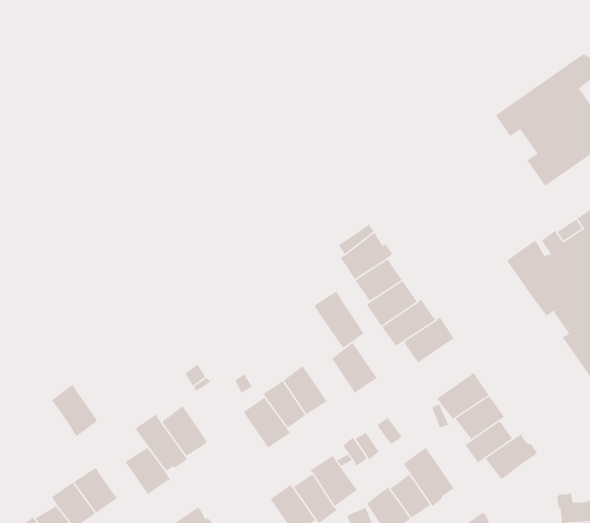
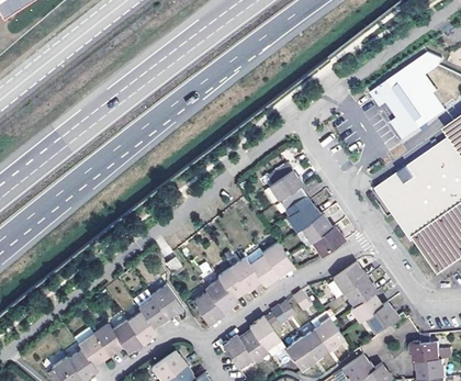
building: [313,291,365,349] -> [244,247,278,285]
building: [51,384,98,437] -> [111,318,142,354]
building: none -> [192,291,223,324]

